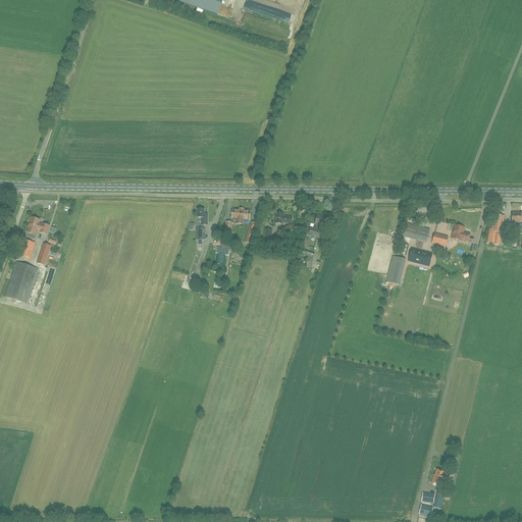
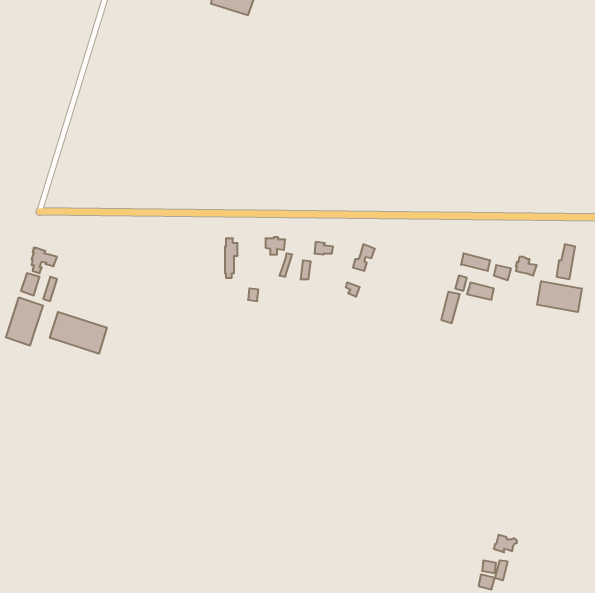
building: none -> [537,281,582,312]
building: none -> [50,312,107,354]

